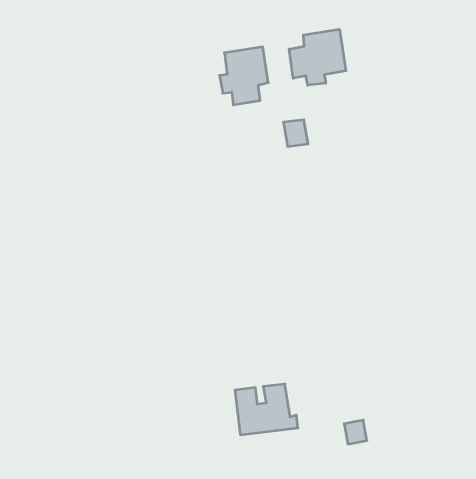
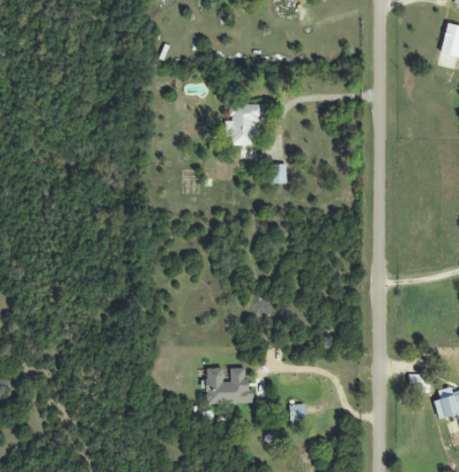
building: [289,29,346,85] -> none

